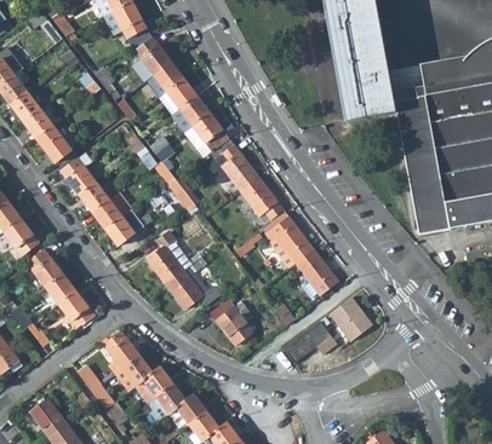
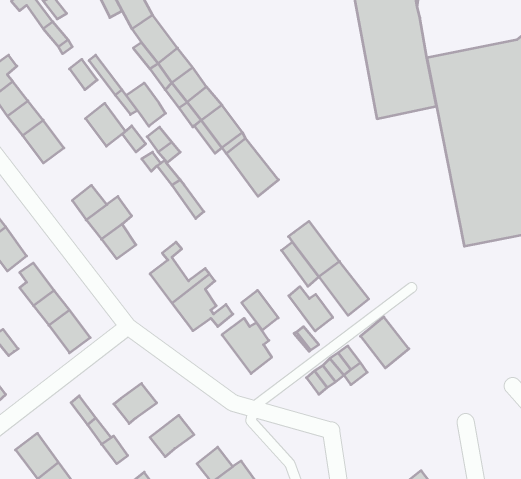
building: none -> [126,83,166,126]
building: [61,157,96,195] -> [85,103,126,146]
building: [241,177,286,223] -> none
building: none -> [289,287,333,331]
building: none -> [242,290,278,330]
building: [103,331,139,368] -> none
building: [135,365,172,402] -> none
building: [168,393,206,428] -> none

